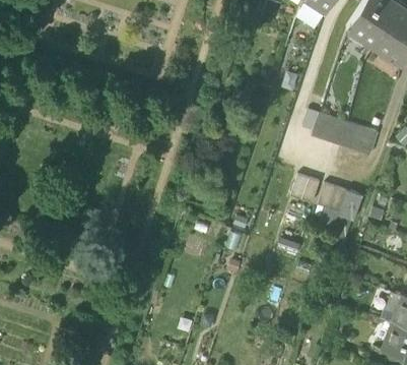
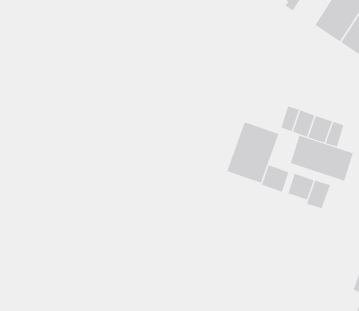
building: none -> [226,121,279,184]
building: none -> [290,135,354,182]

